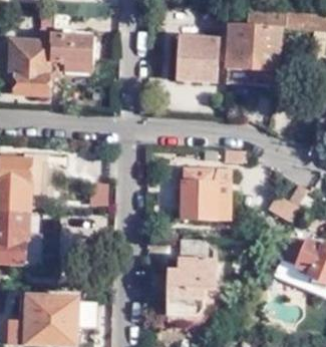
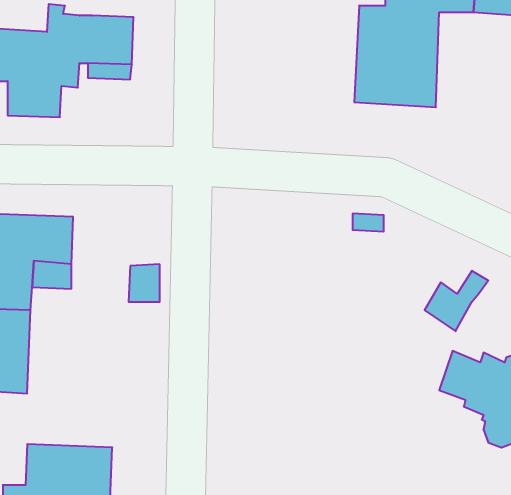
building: [178,37,219,82] -> none
building: [182,169,230,221] -> none
building: [171,240,217,317] -> none

